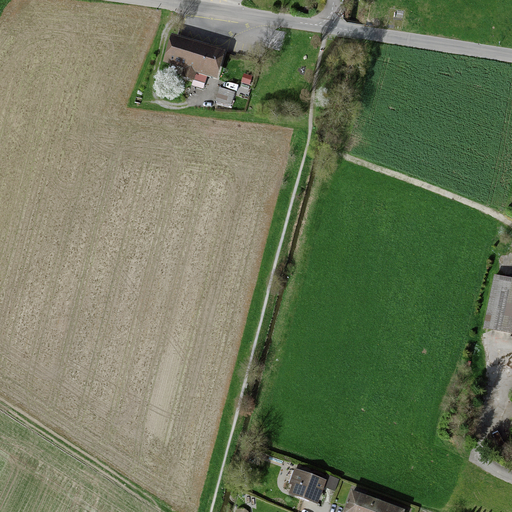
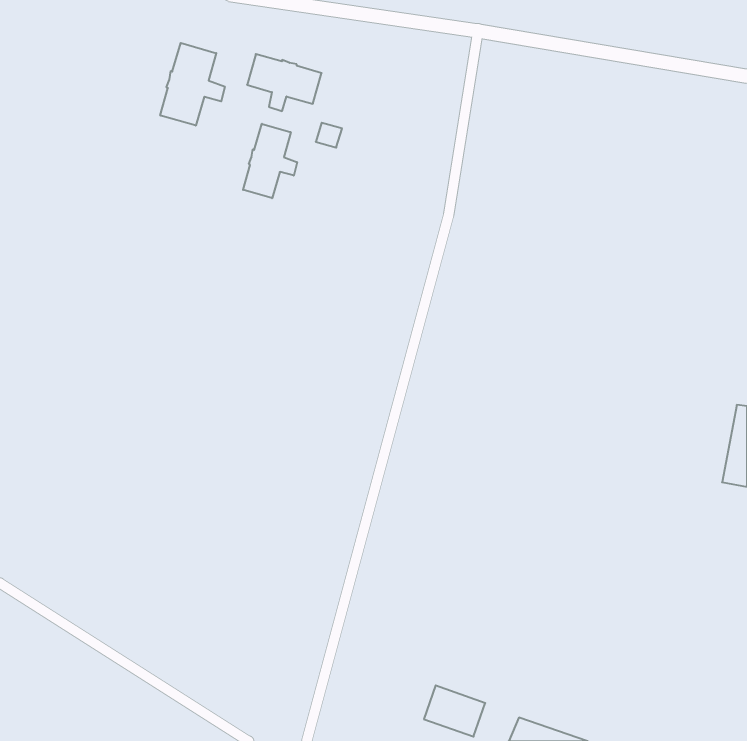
building: none -> [160,43,225,126]
building: none -> [243,124,297,198]

